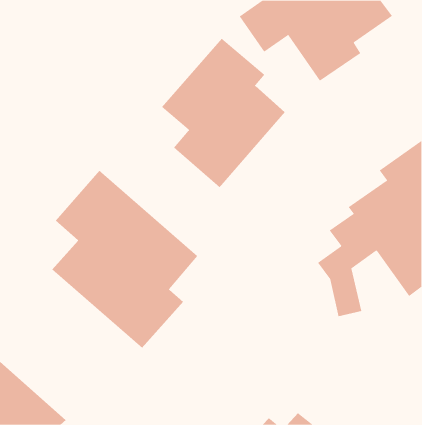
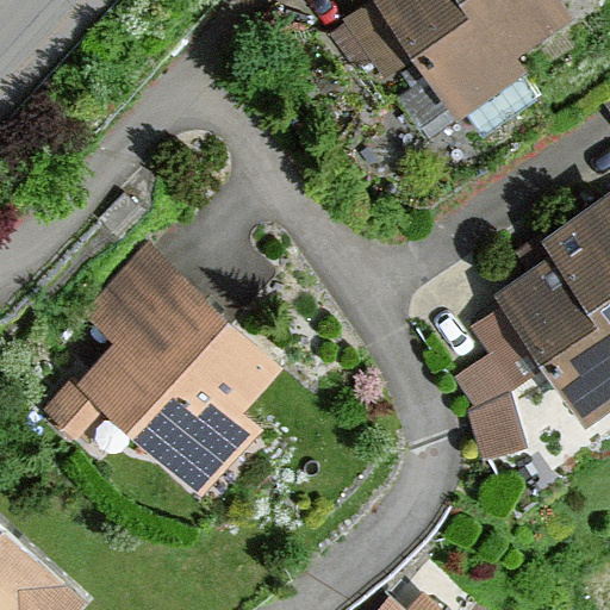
building: [161,38,285,188] -> none

